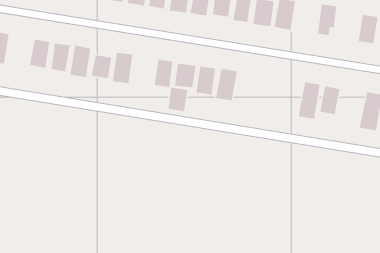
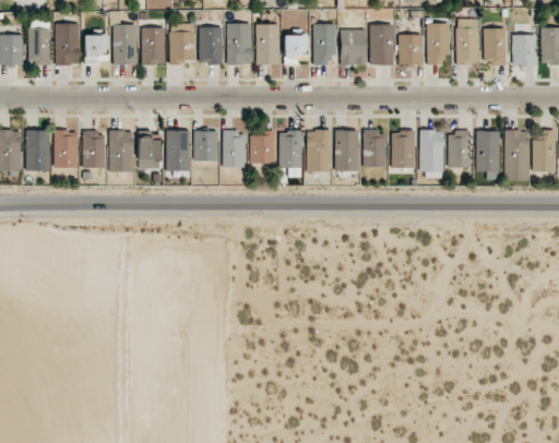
building: none -> [456,19,479,64]
building: none -> [399,34,423,64]
building: none -> [26,130,49,170]
building: none -> [335,130,358,171]
building: none -> [362,131,385,167]
building: none -> [391,131,415,168]
building: [168,87,188,112] -> [193,131,217,161]
building: none -> [476,131,499,171]

